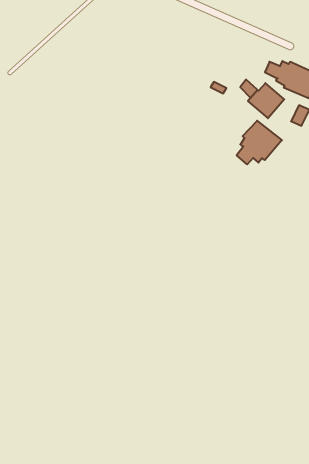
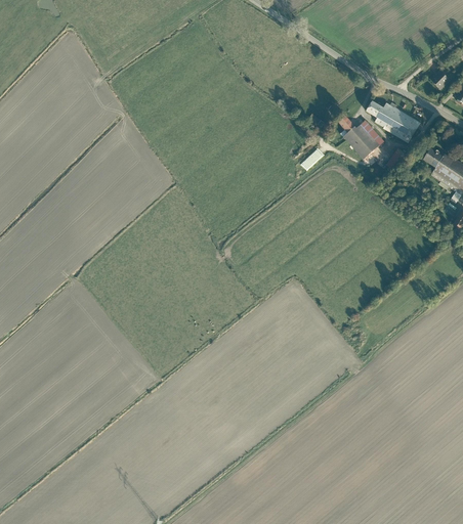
building: [237,121,282,164] -> none

